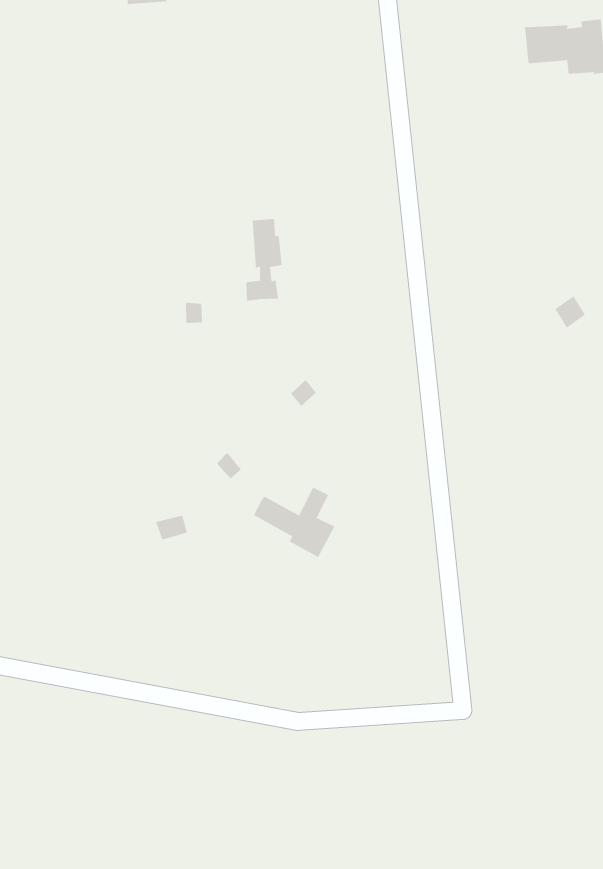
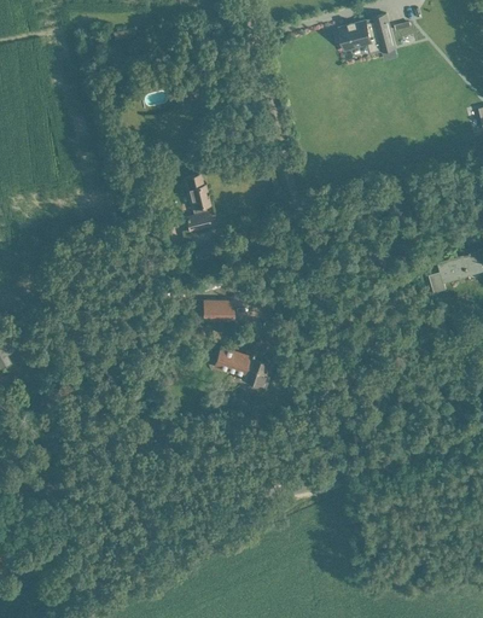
building: none -> [202,301,233,322]

